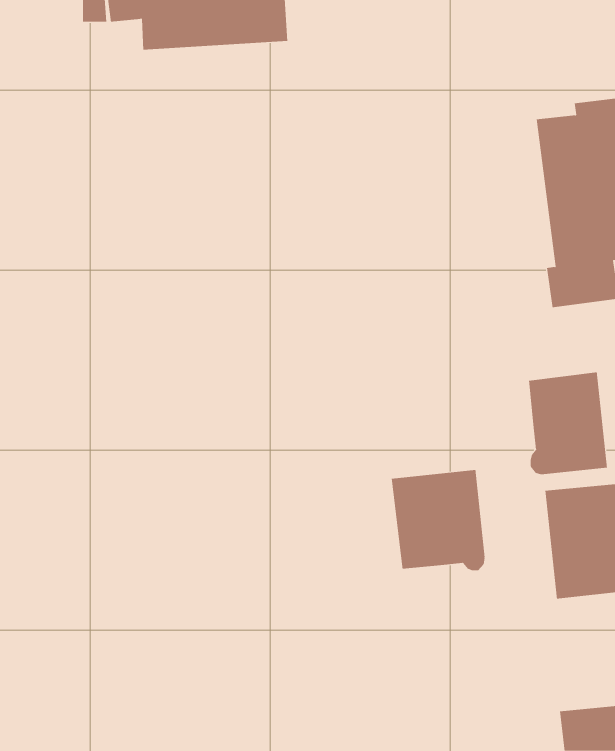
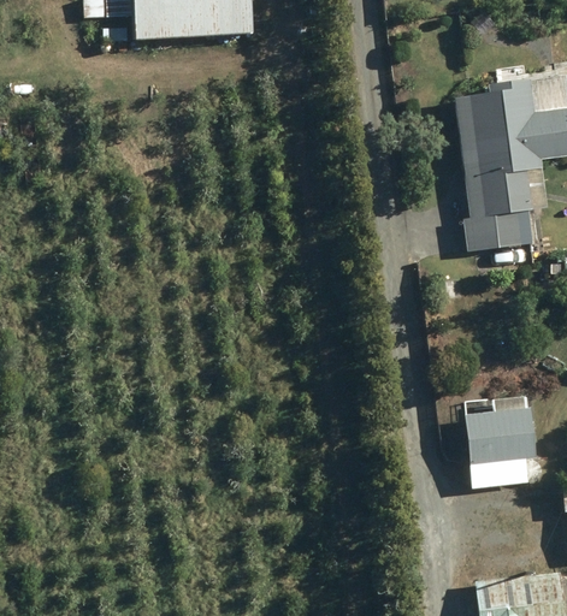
building: [528,371,608,475] -> none
building: [391,469,485,571] -> none

